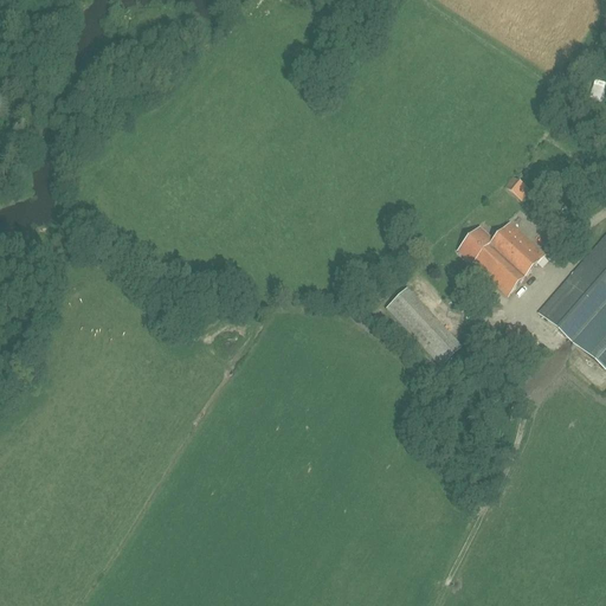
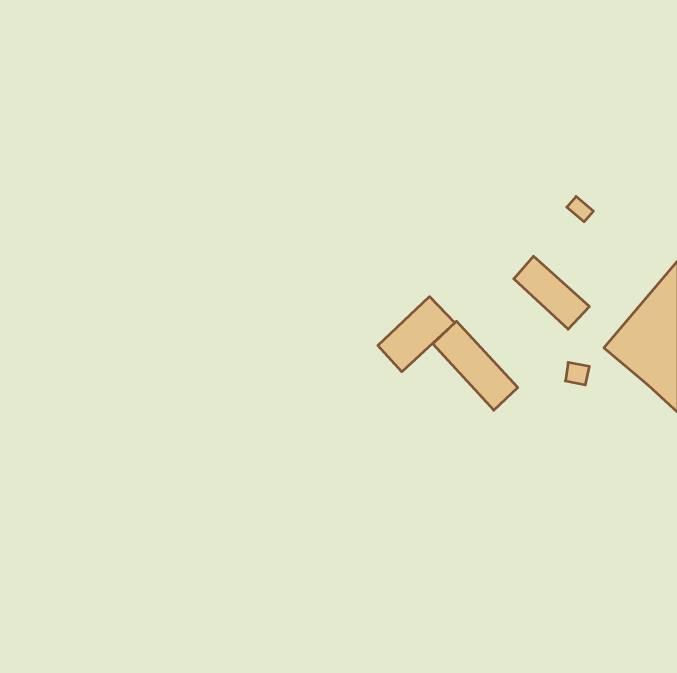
building: [477,221,546,273] -> none
building: none -> [378,297,455,372]

